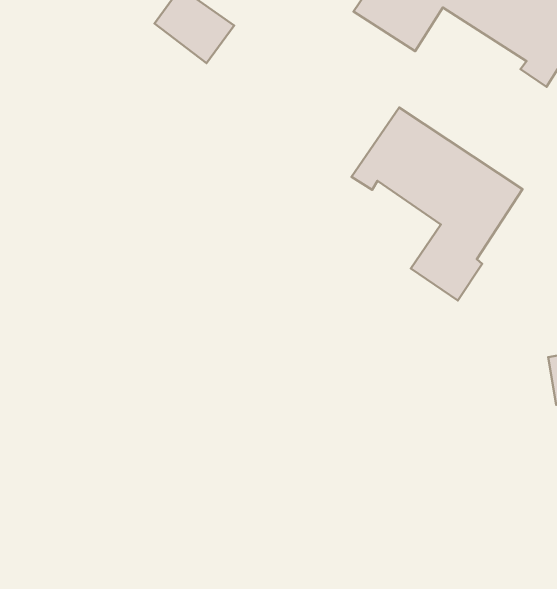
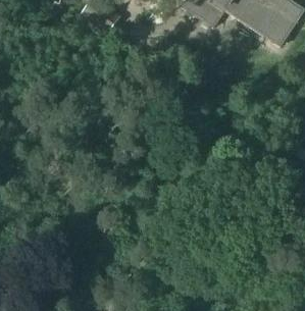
building: [352,108,523,301] -> none

